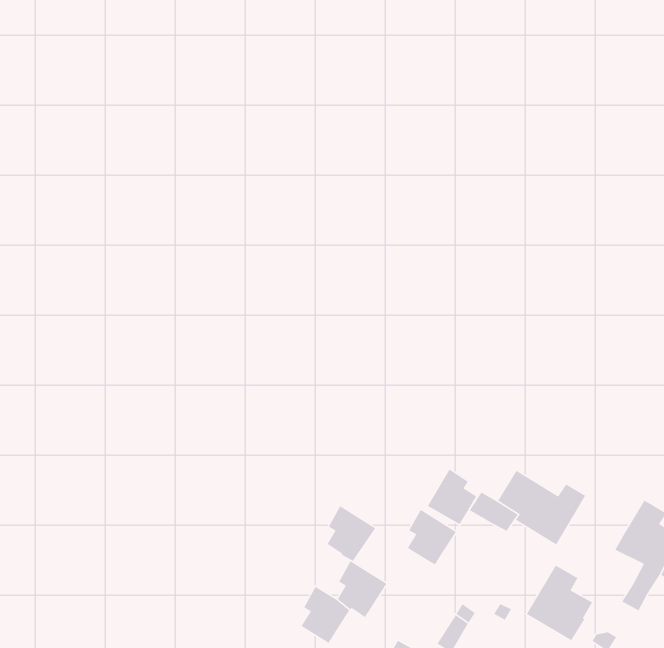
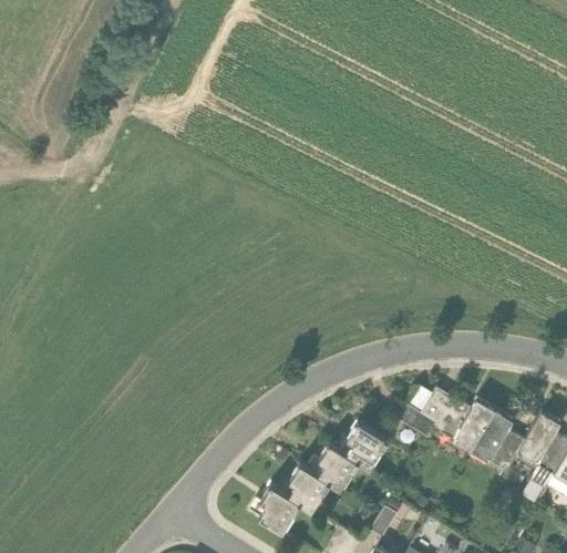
building: [427,469,477,525] -> none
building: [326,505,376,562] -> [318,442,359,489]
building: [526,564,593,641] -> [470,410,525,473]

